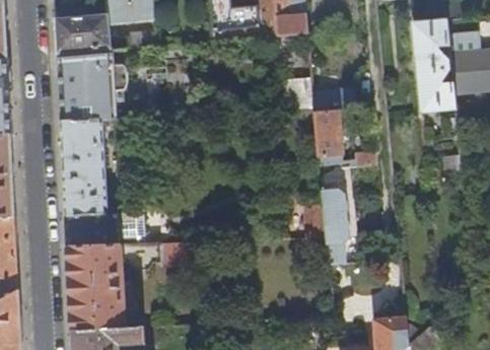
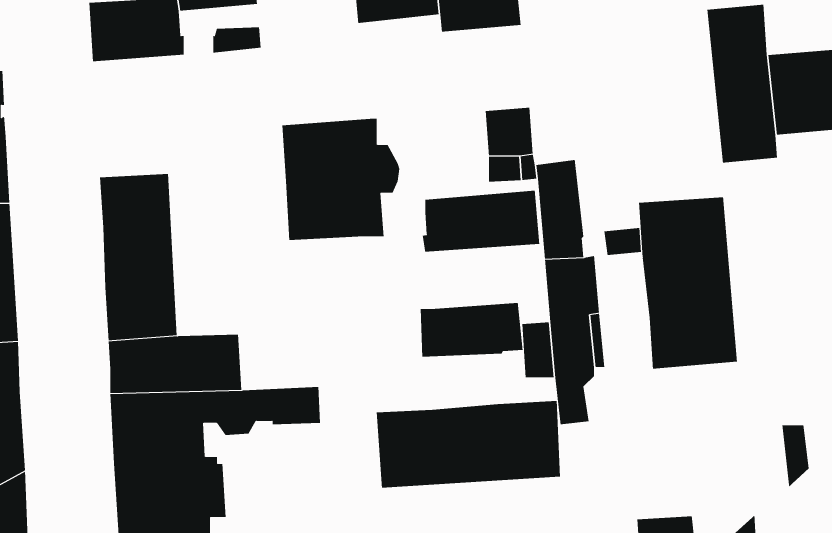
building: [57,49,126,120] -> [282,118,400,240]
building: none -> [422,190,540,253]
building: none -> [638,197,737,370]
building: none -> [420,302,523,357]
building: none -> [376,400,560,489]

